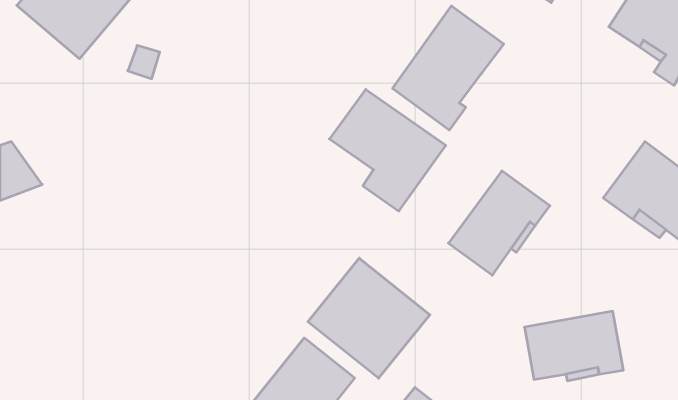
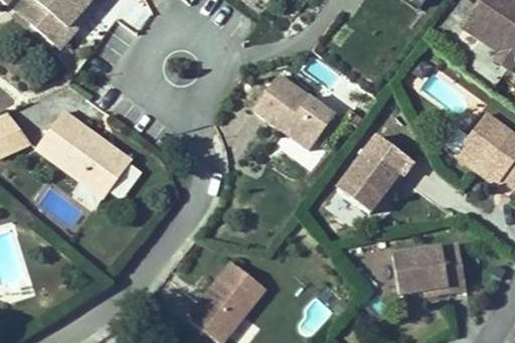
building: [393,6,504,130] -> none
building: none -> [35,111,131,211]
building: [308,258,430,378] -> none

